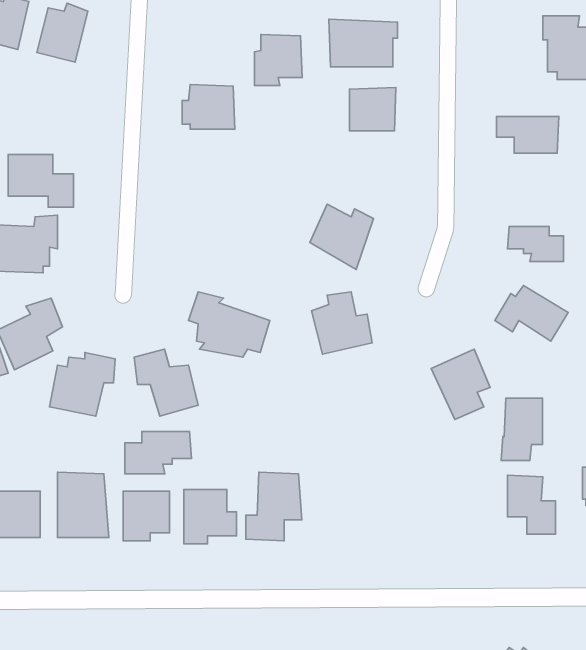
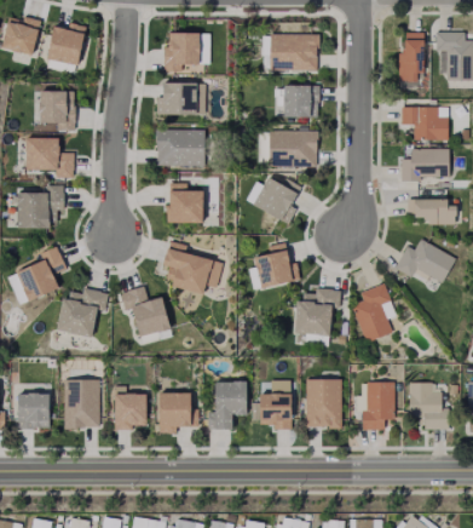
building: none -> [393,34,419,82]
building: [254,34,302,85] -> [165,35,201,74]
building: none -> [40,93,77,132]
building: none -> [158,131,206,166]
building: none -> [269,132,321,167]
building: none -> [398,148,444,180]
building: none -> [171,183,204,220]
building: none -> [296,287,341,335]
building: [501,398,543,460] -> [358,379,390,426]
building: [125,431,191,474] -> none
building: none -> [306,378,344,429]
building: none -> [261,394,293,430]

